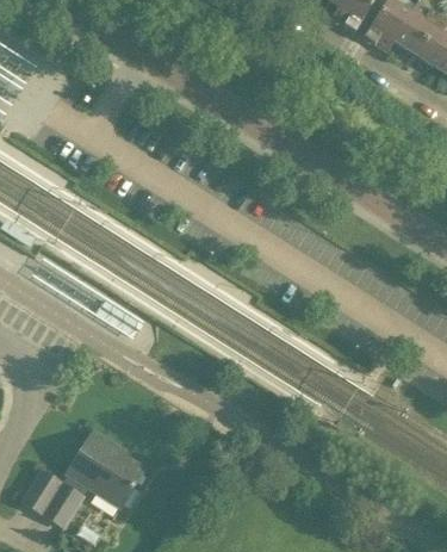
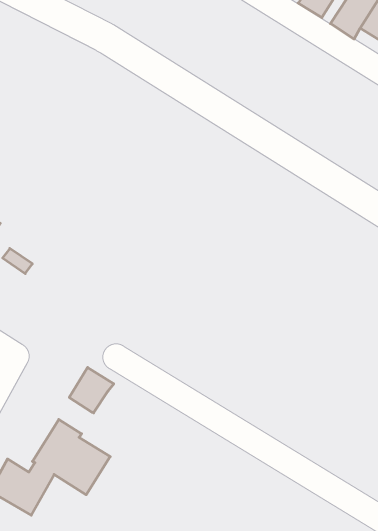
building: none -> [69,367,114,413]

